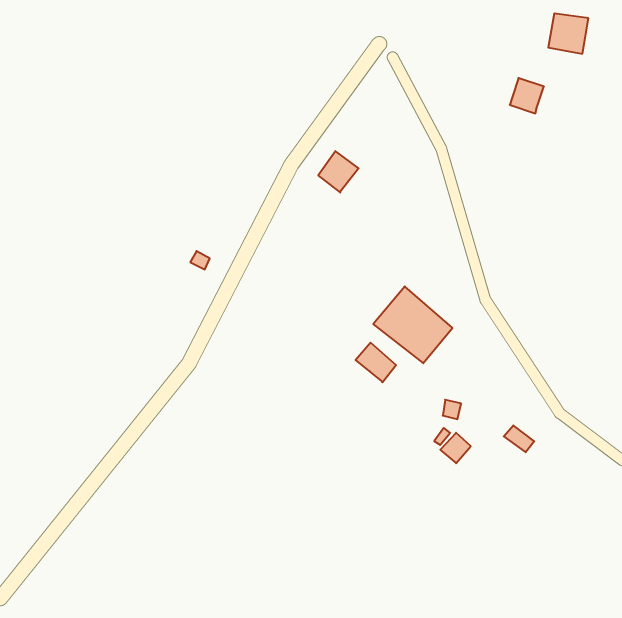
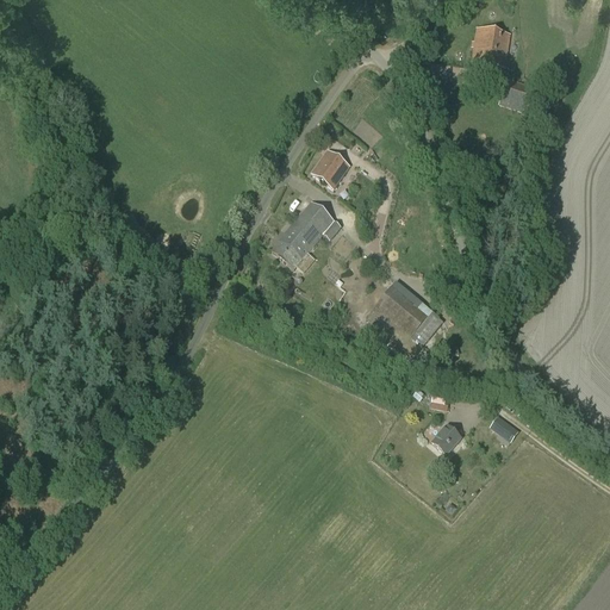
building: [548,13,588,54] -> [472,26,511,66]
building: none -> [272,200,342,268]
building: [356,343,396,382] -> none

